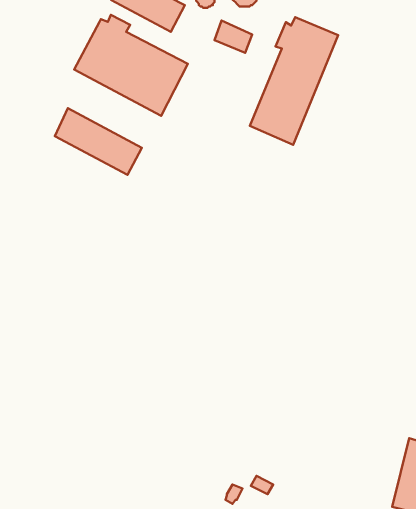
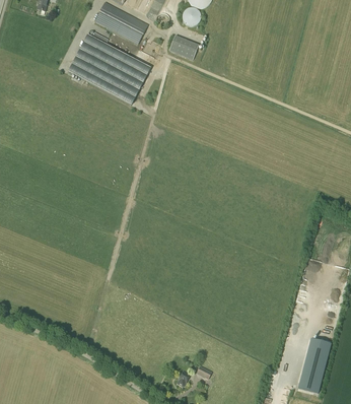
building: [250,17,338,145] -> none
building: [55,108,142,175] -> none

